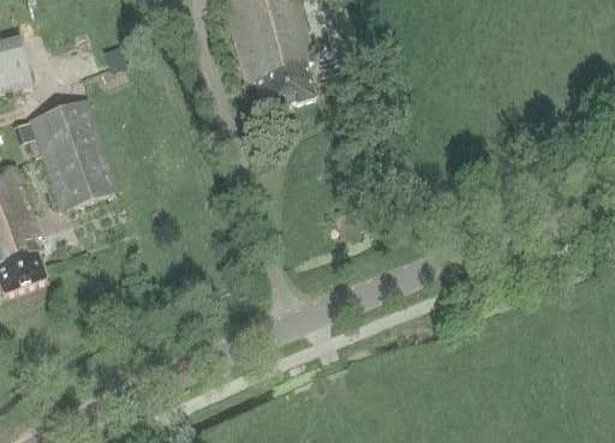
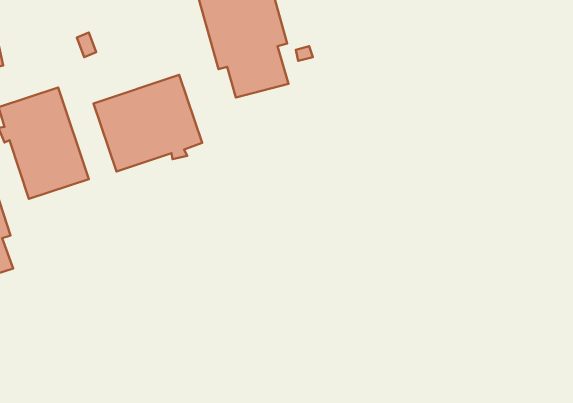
building: none -> [93,75,202,171]

